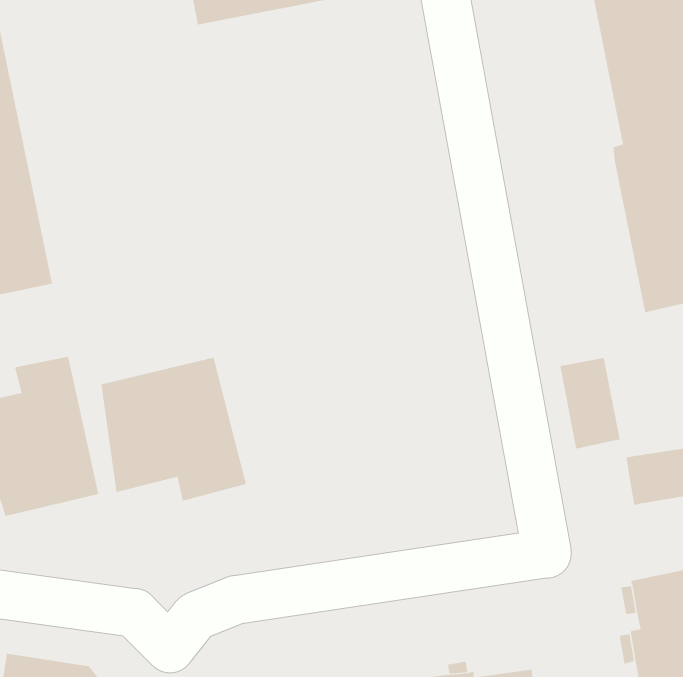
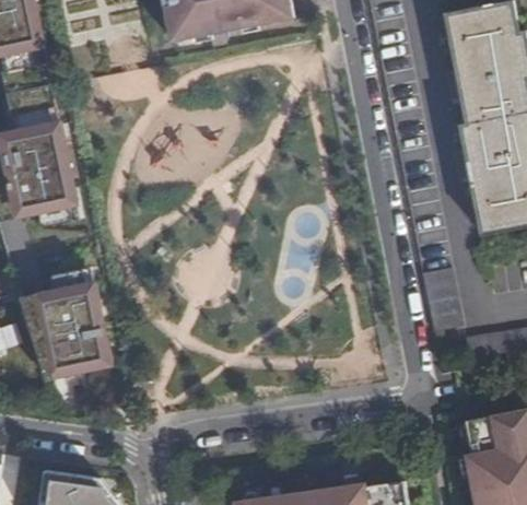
building: [101,357,247,502] -> none

